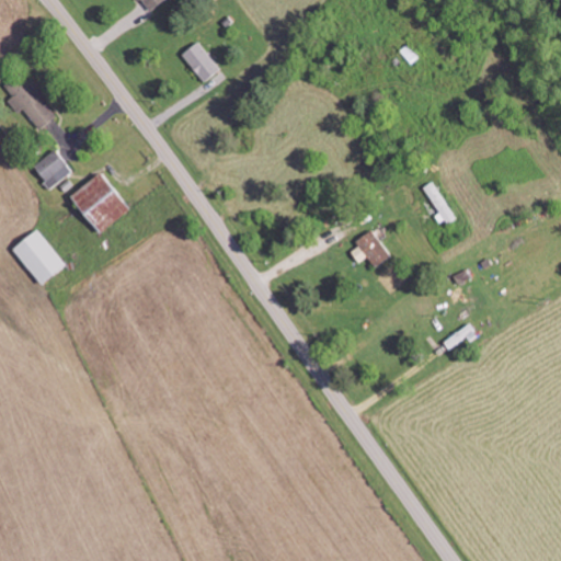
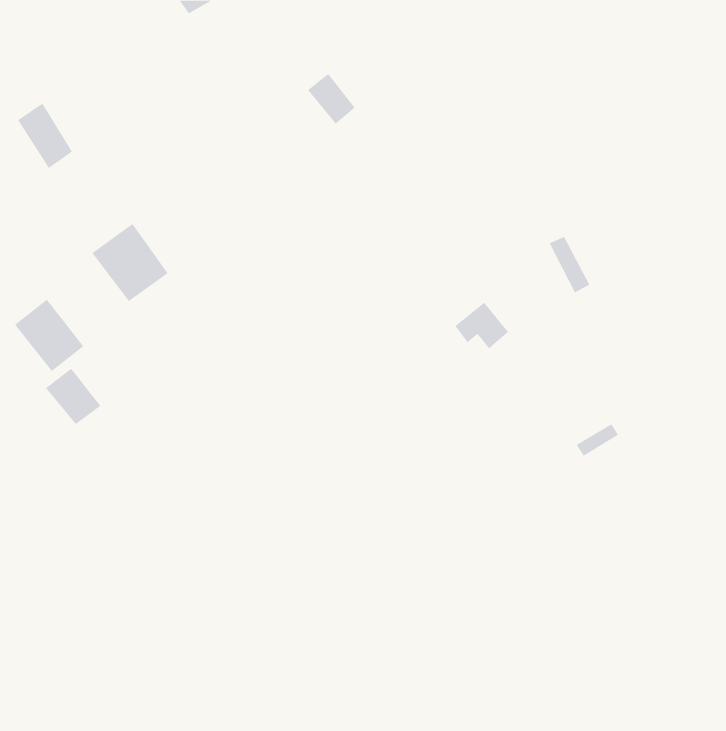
building: [181,42,218,81] -> [307,73,356,125]
building: [32,149,71,187] -> none
building: none -> [45,368,101,425]

